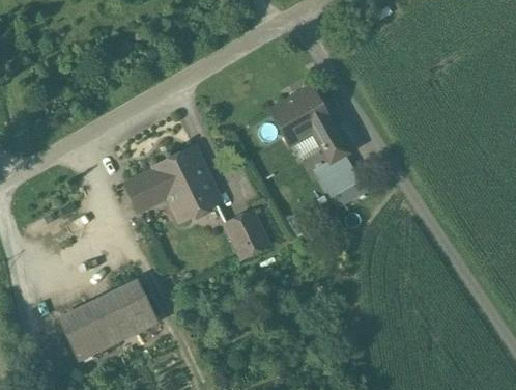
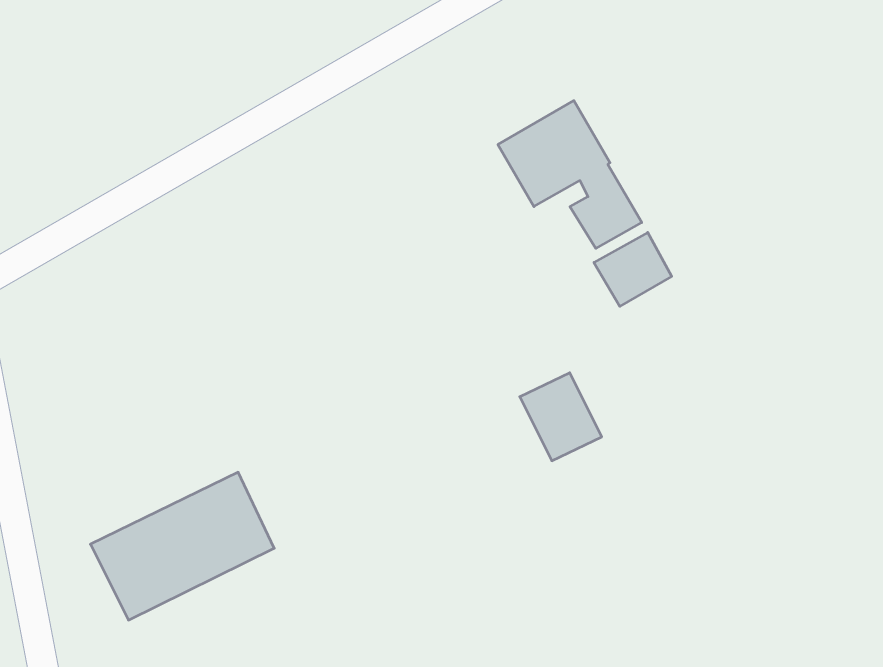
building: [125,146,217,221] -> none
building: [225,212,267,257] -> [520,373,602,461]

